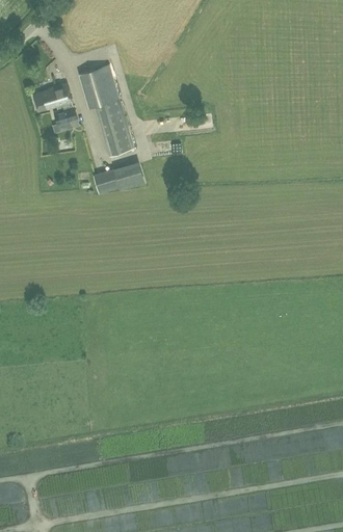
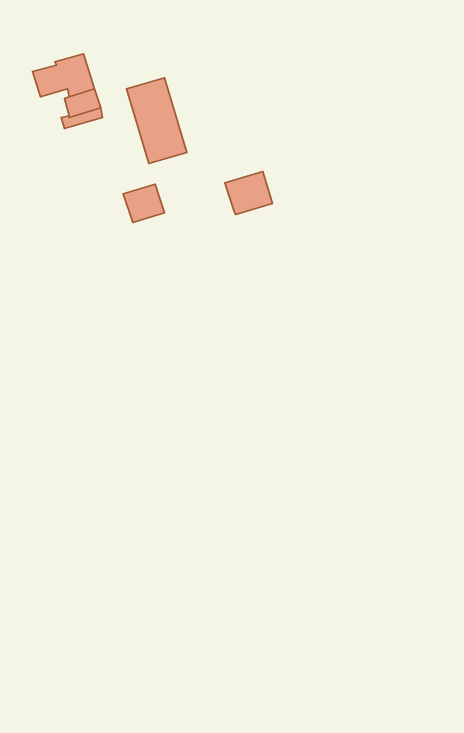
building: [78,63,120,108] -> none
building: [113,161,144,189] -> [225,172,272,215]

